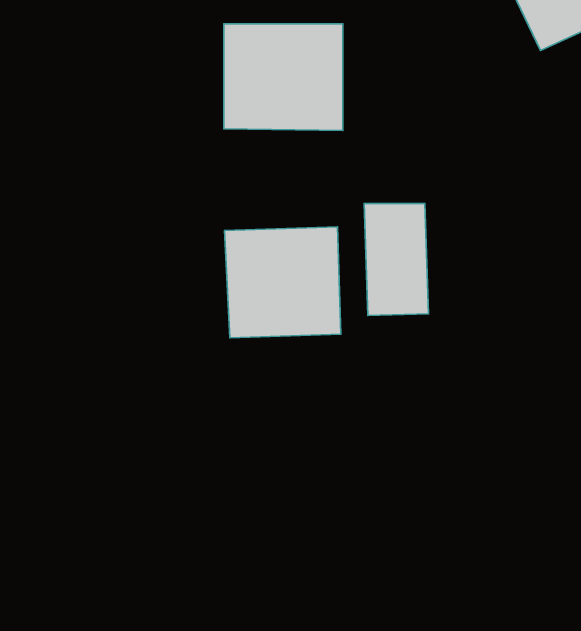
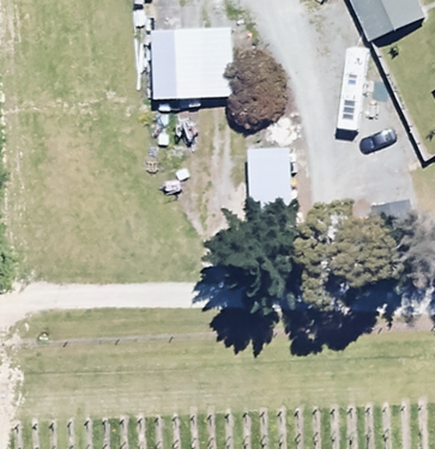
building: [225,227,341,338] -> none

